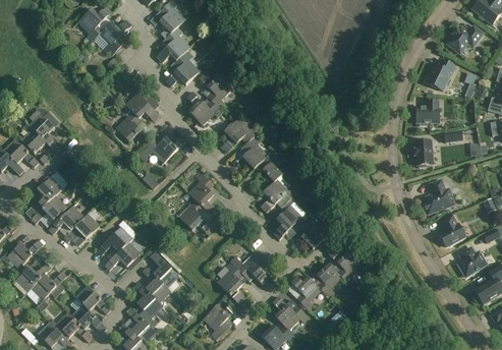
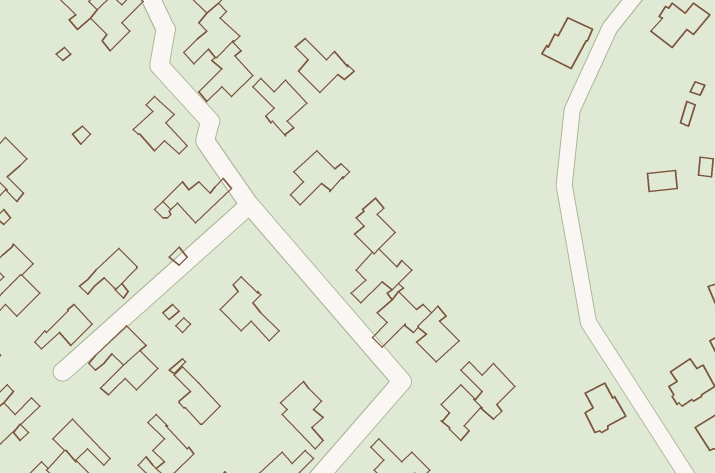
building: [424,59,455,91] -> [542,18,593,69]
building: [186,92,223,125] -> [295,39,354,93]
building: [415,101,439,125] -> none
building: [115,108,141,142] -> none
building: [241,134,268,169] -> none
building: [413,140,432,168] -> none
building: [187,173,215,216] -> none
building: [422,180,454,215] -> none
building: [48,206,83,234] -> [80,248,137,294]
building: [439,216,464,246] -> [585,383,626,432]
building: [230,252,270,286] -> none
building: [142,268,170,303] -> none
building: [287,275,321,310] -> none

